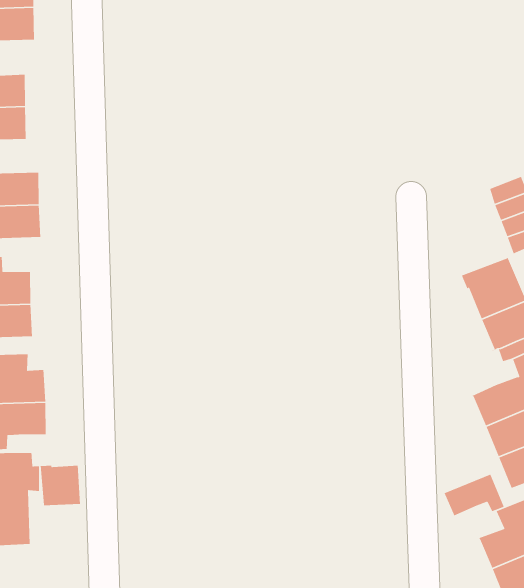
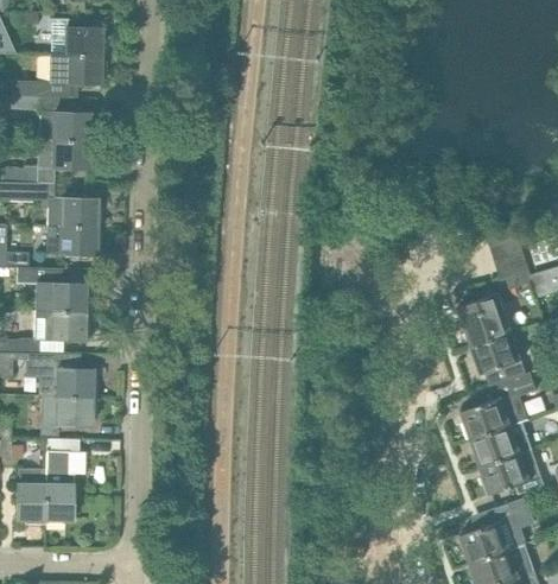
building: [40,465,81,506] -> none
building: [443,473,505,517] -> none

